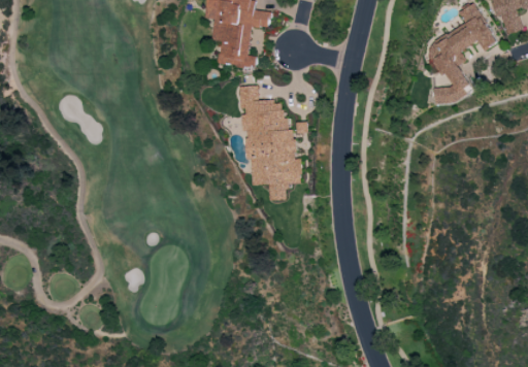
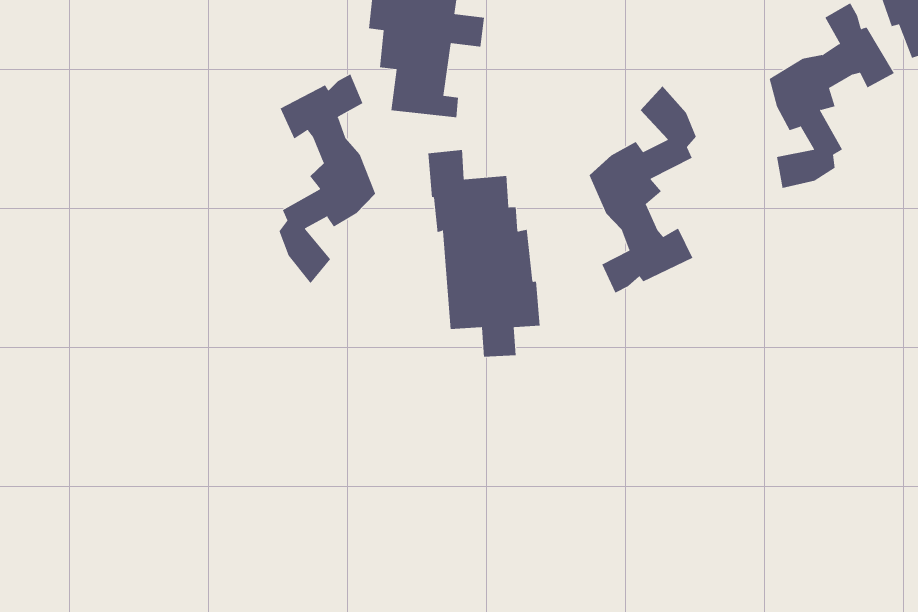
building: none -> [279,74,376,284]
building: none -> [589,85,697,293]

